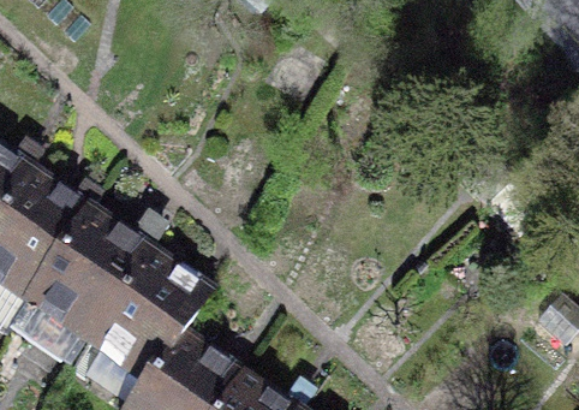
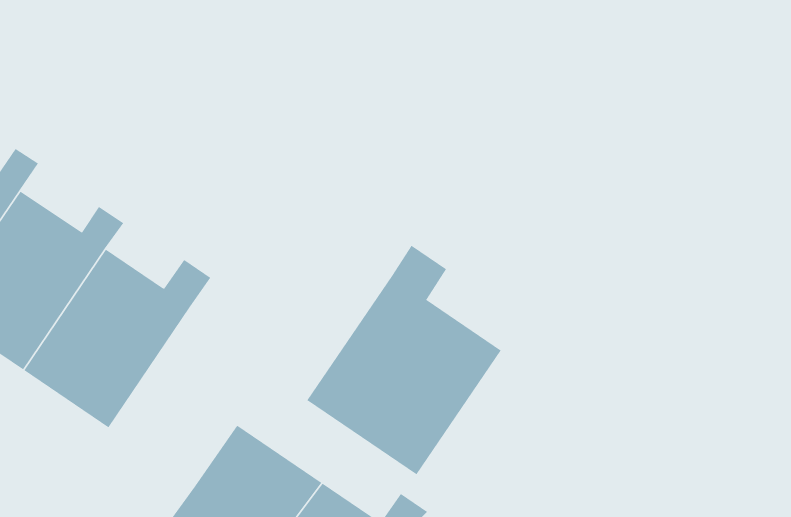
building: none -> [307,245,502,475]
building: [88,256,207,382] -> none

